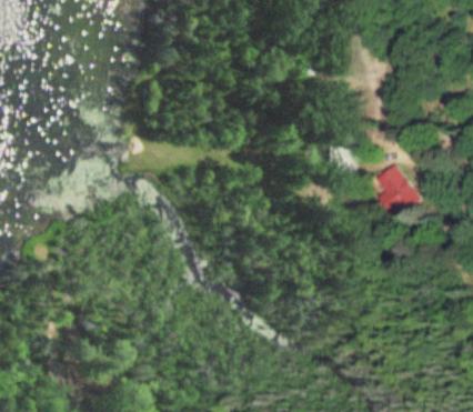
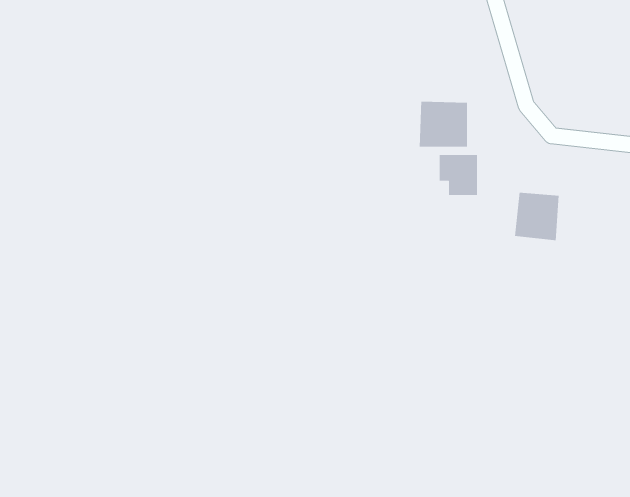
building: none -> [419,101,467,148]

